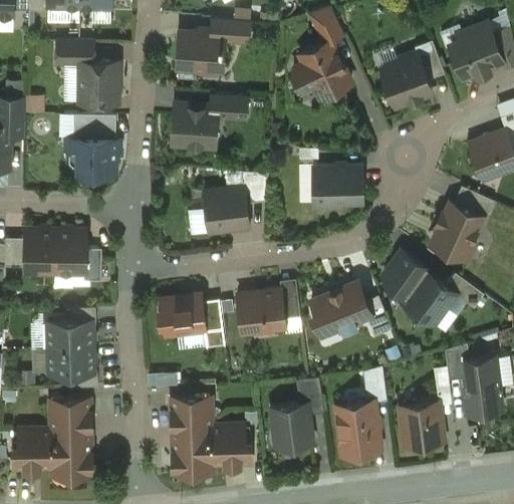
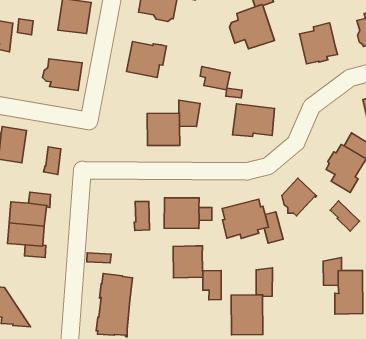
building: [414,41,444,81] -> none
building: [210,93,247,118] -> [200,67,230,90]
building: [63,114,114,140] -> none
building: [54,232,85,273] -> none
building: [401,271,456,325] -> none
building: [158,294,205,334] -> none
building: [50,401,91,476] -> none
building: [399,403,443,448] -> none
building: [270,404,311,448] -> [173,246,203,278]
building: [209,427,250,467] -> none

